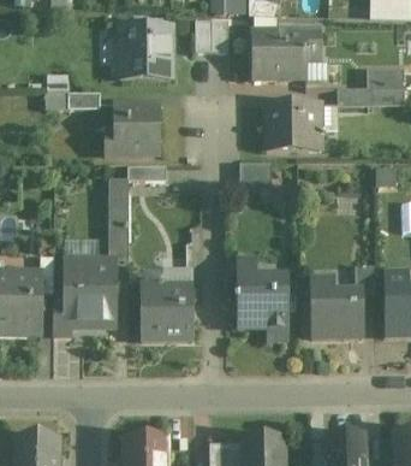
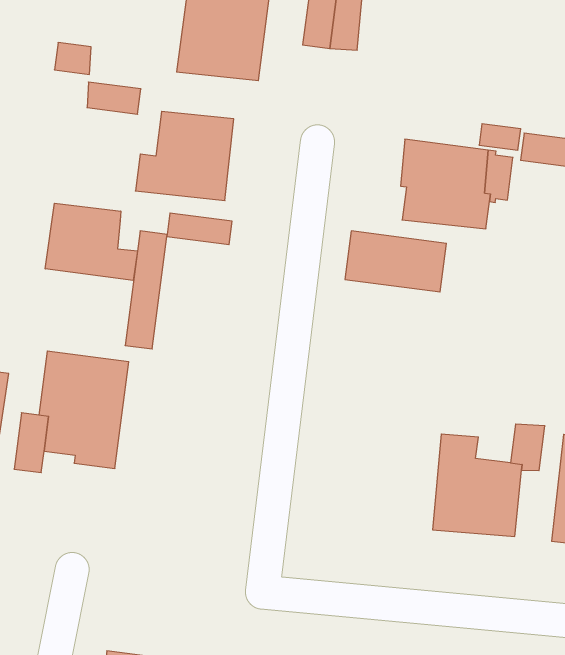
building: [251,29,321,77] -> none
building: none -> [45,203,137,280]
building: [237,260,287,338] -> none
building: [141,281,192,340] -> none

